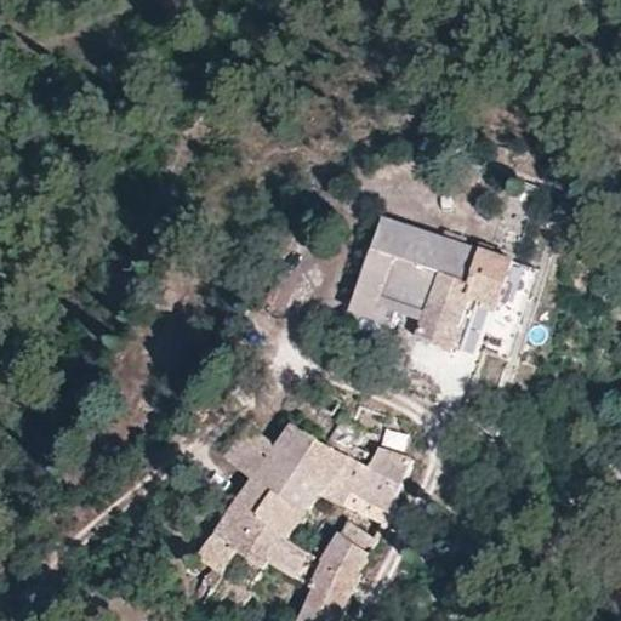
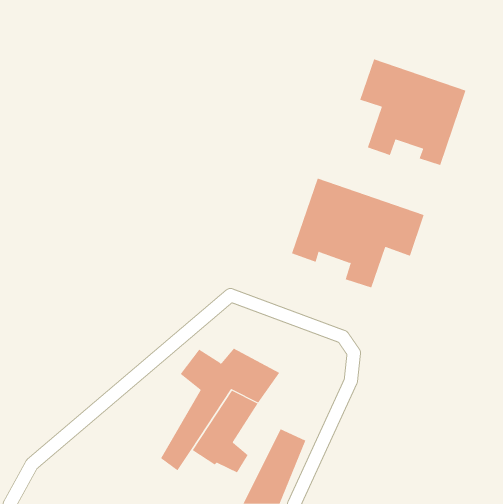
building: none -> [359,59,466,166]
building: [315,443,408,512] -> none

